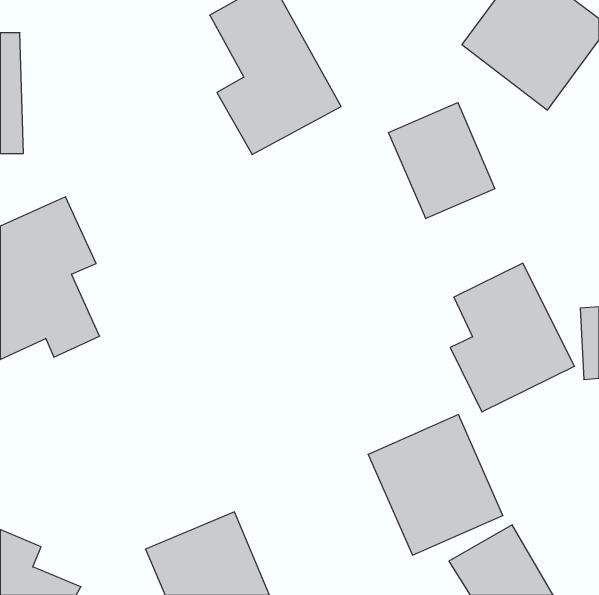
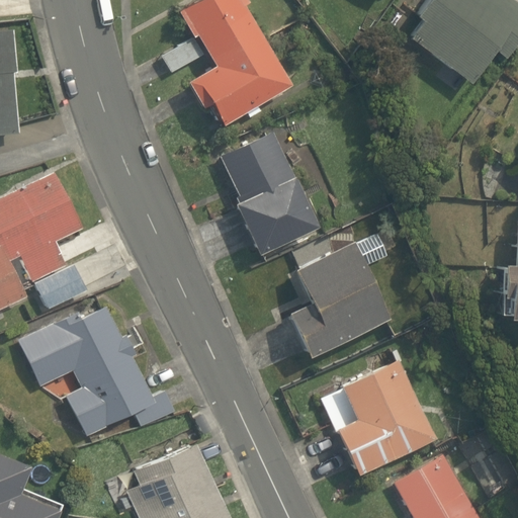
building: [389,103,495,219] -> none
building: none -> [214,133,318,265]
building: [450,263,575,412] -> [287,240,395,368]
building: none -> [17,305,160,437]

